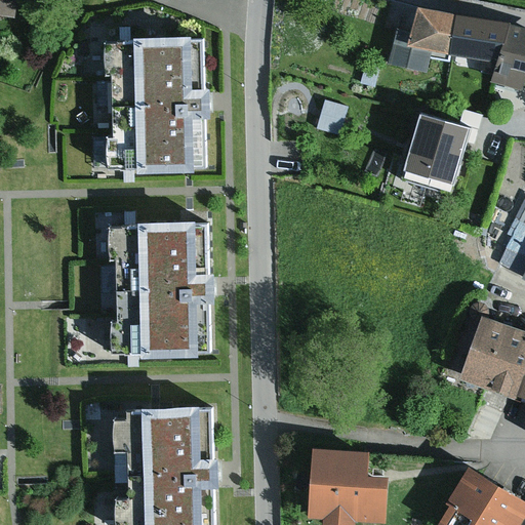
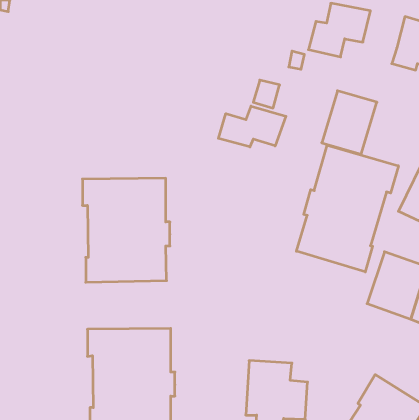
building: [454,15,507,62] -> none
building: [102,36,211,166] -> none
building: none -> [218,106,286,147]
building: none -> [296,145,398,272]

